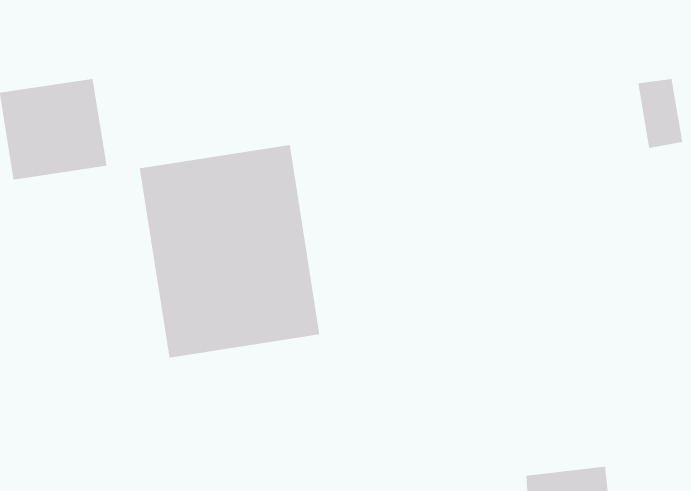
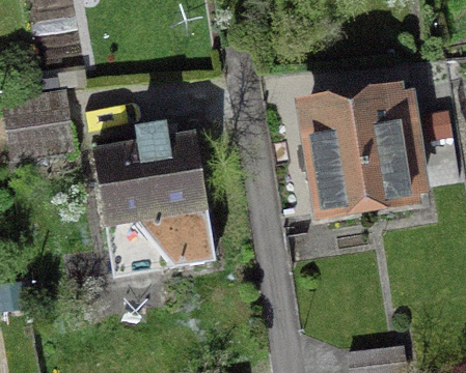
building: none -> [306,92,419,208]

